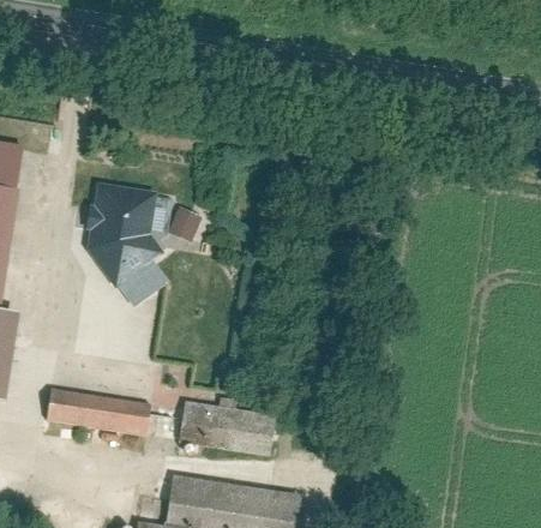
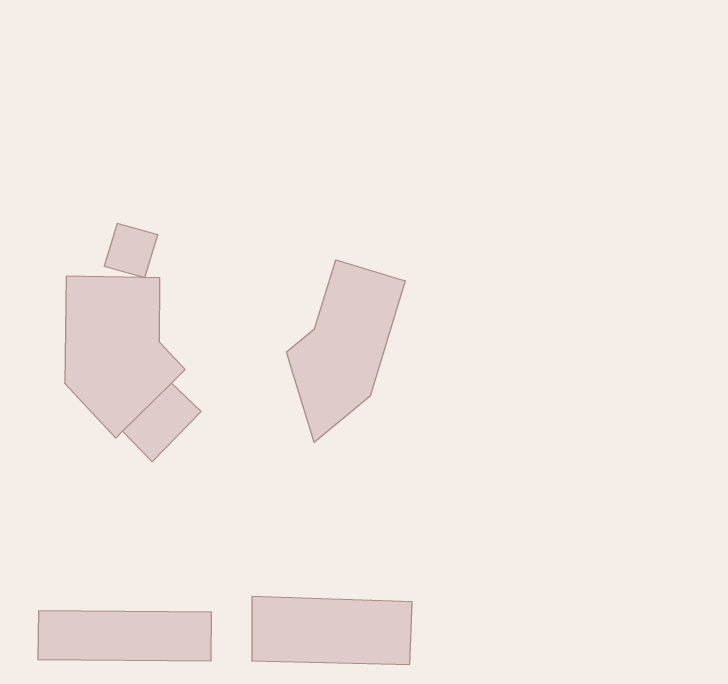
building: none -> [286,260,405,442]
building: [166,205,202,241] -> [104,223,158,278]

